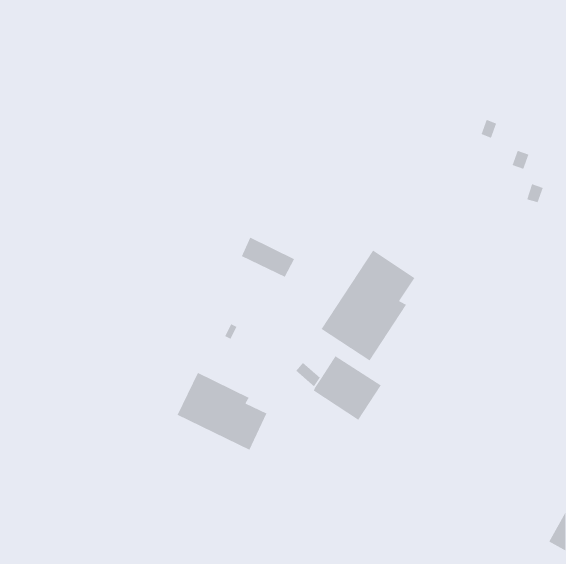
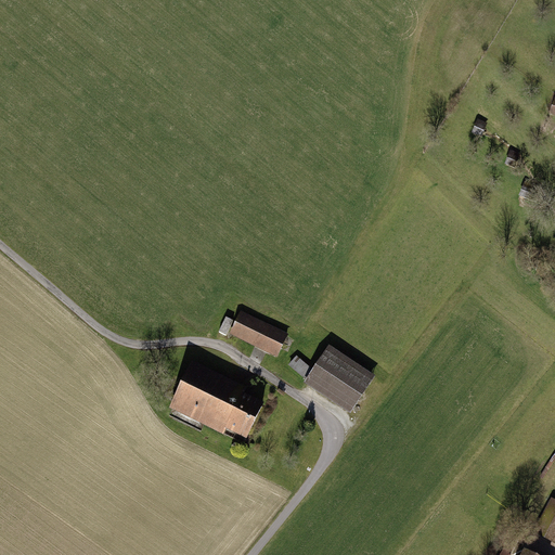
building: [241,237,295,278] -> [232,312,285,352]
building: [321,249,415,362] -> none

